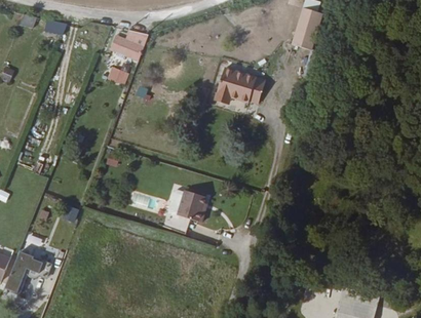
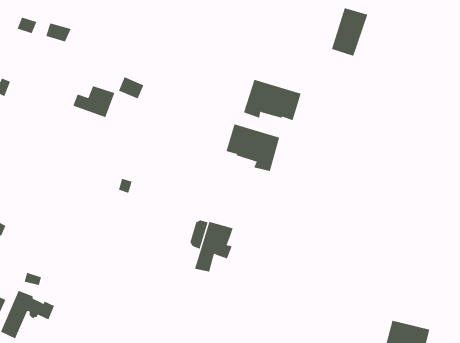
building: [111,31,148,58] -> [72,86,115,118]
building: none -> [226,123,280,172]

